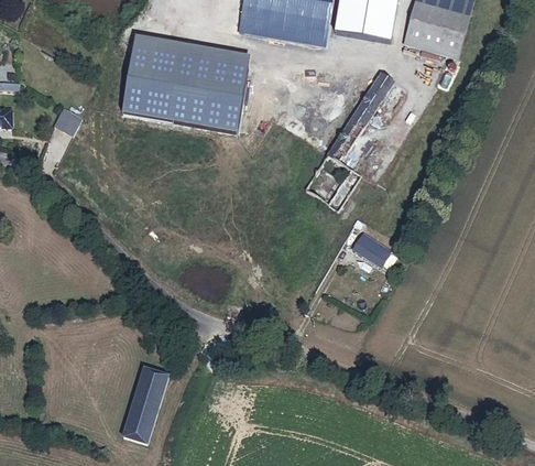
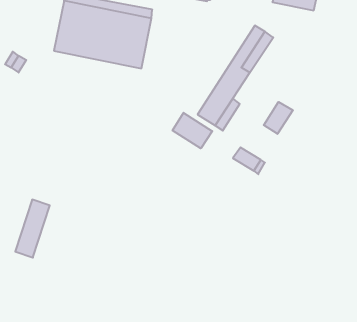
building: none -> [264,102,293,134]
building: none -> [173,113,212,148]
building: [120,369,165,445] -> [15,200,50,258]

